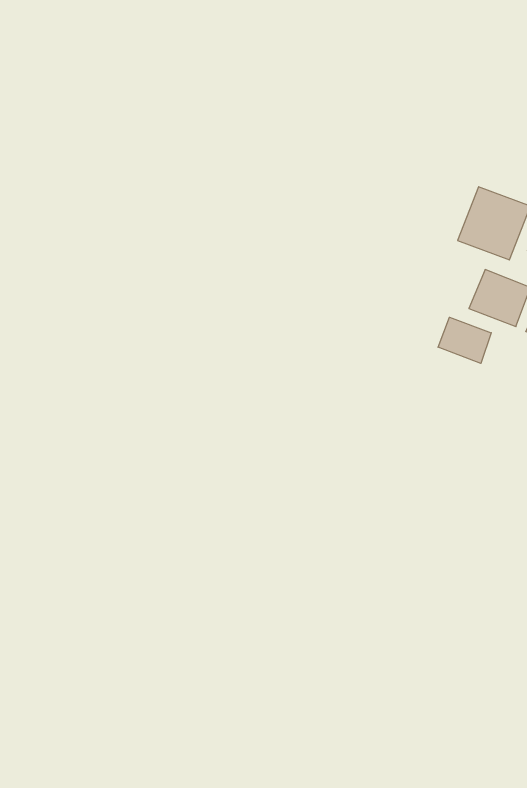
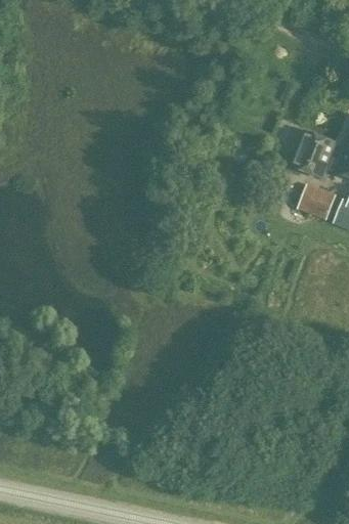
building: [438,317,491,363] -> none

